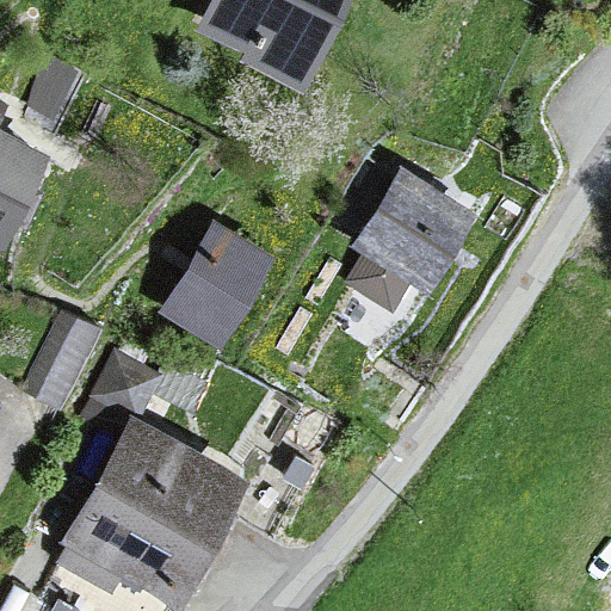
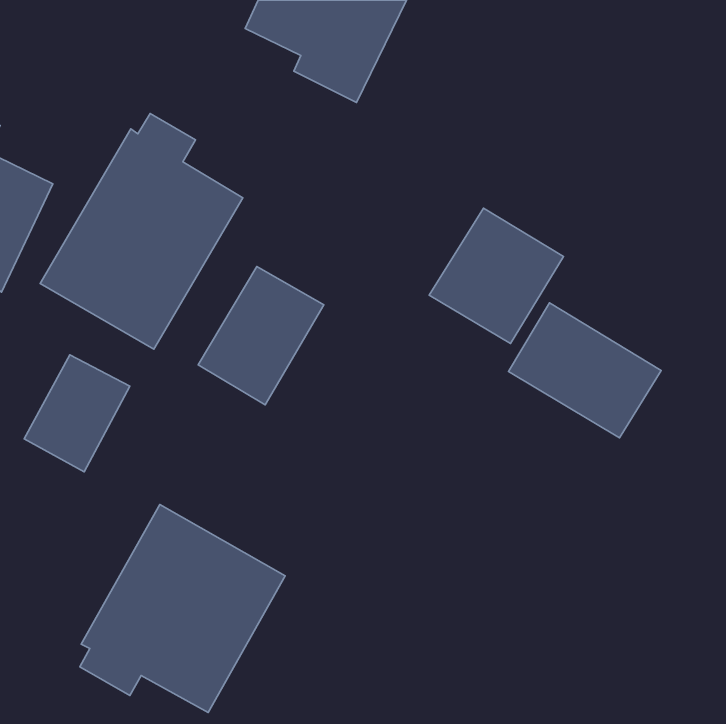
building: none -> [40,114,243,349]
building: none -> [508,303,661,438]

